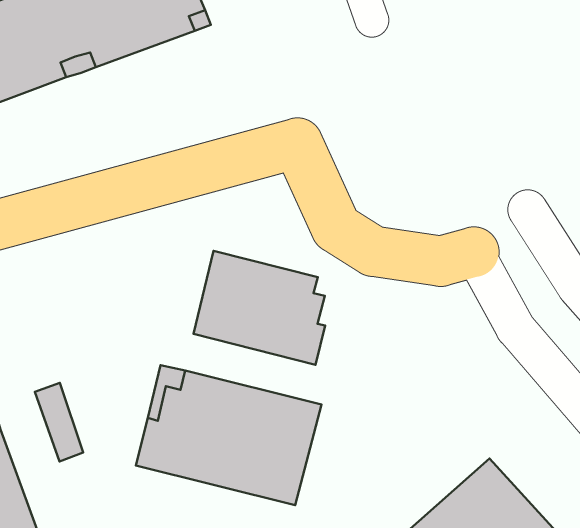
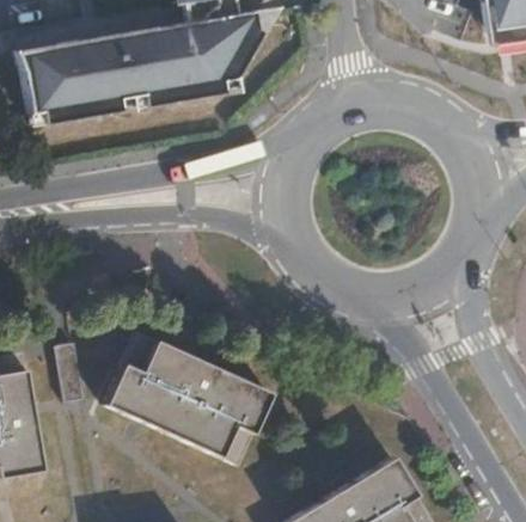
building: [194,251,325,365] -> none

